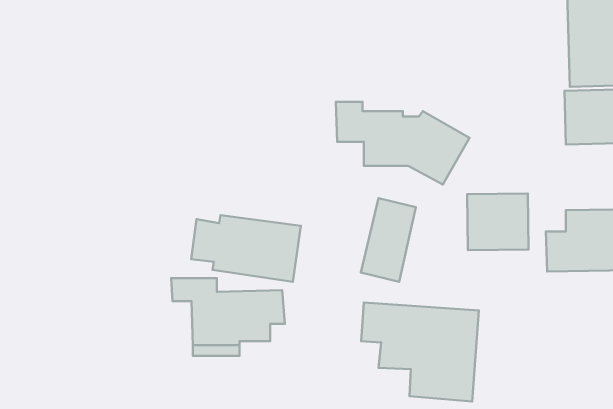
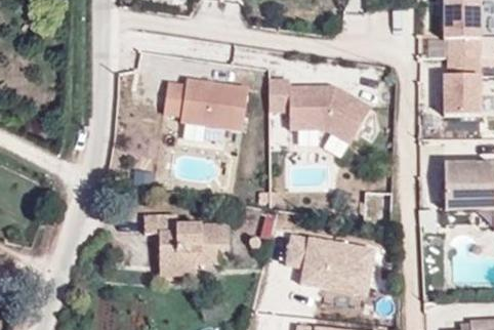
building: [467,193,529,250] -> none
building: [361,198,416,282] -> none
building: [191,215,301,282] -> [163,80,247,131]

